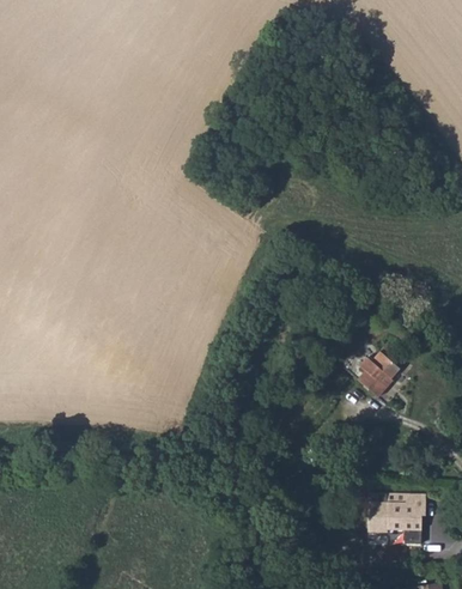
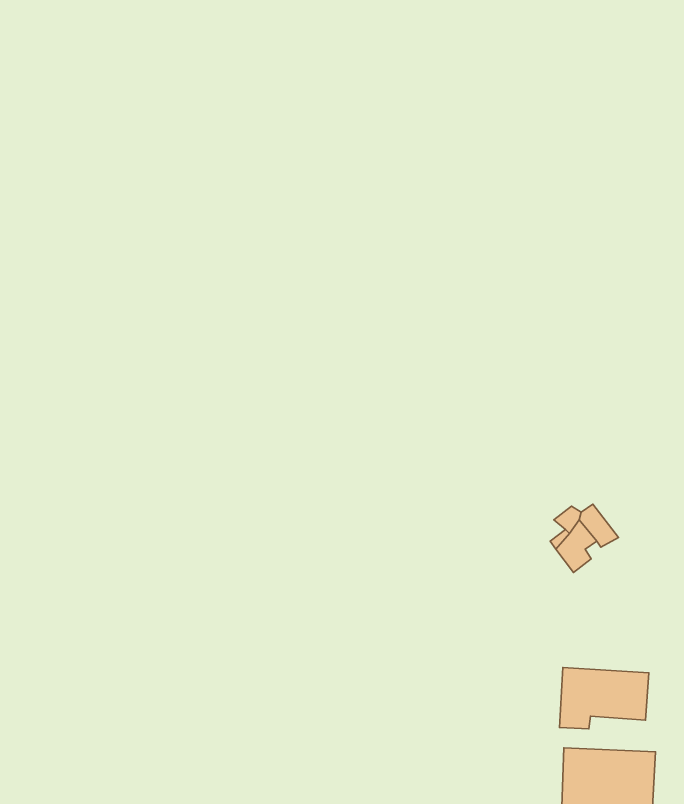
building: none -> [560,667,649,729]

